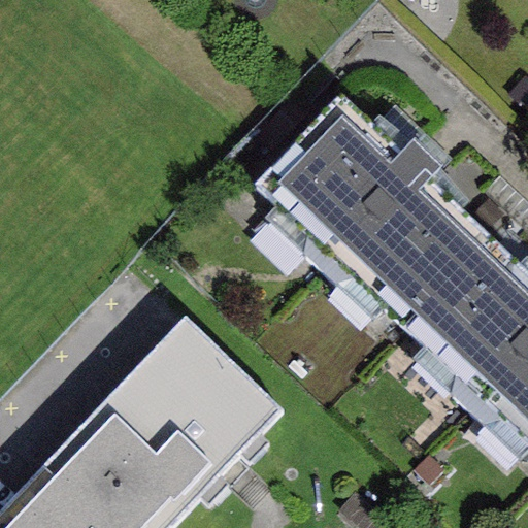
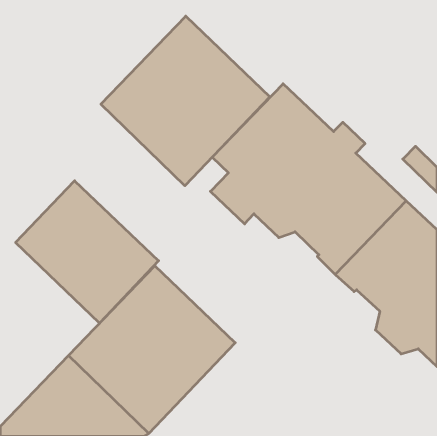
building: none -> [101,16,270,186]
building: none -> [16,181,159,323]

